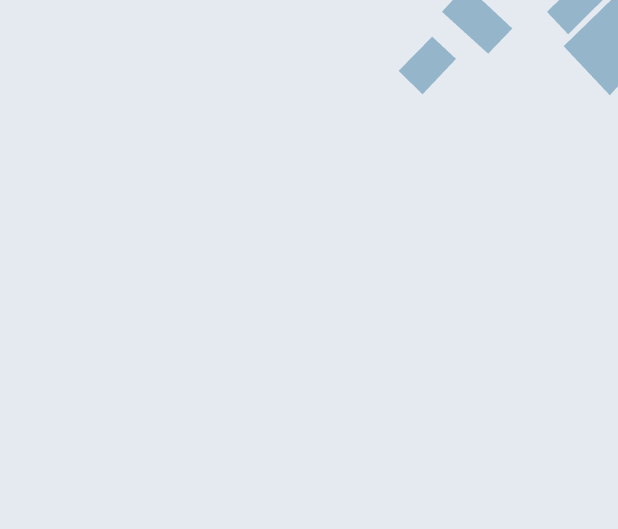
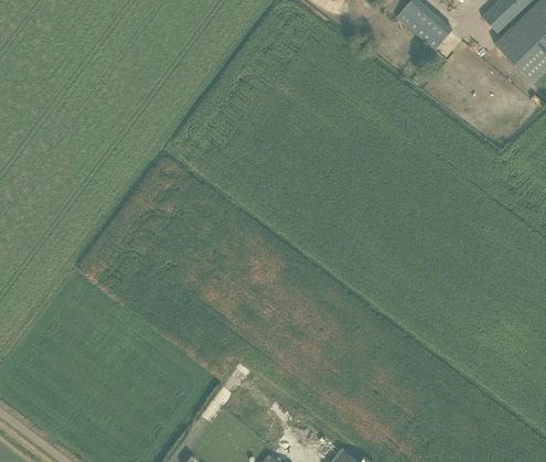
building: [398,36,457,95] -> none

